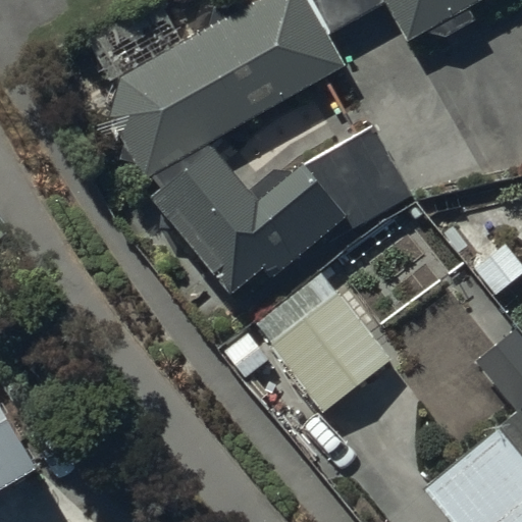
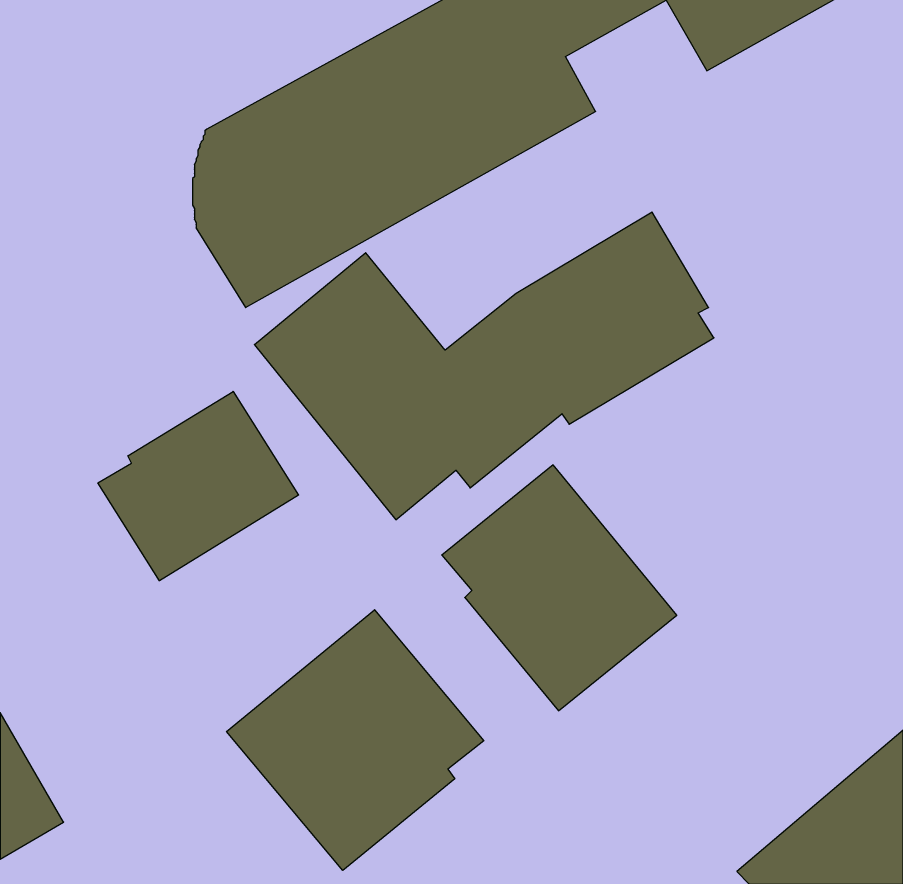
building: none -> [98,391,299,581]
building: none -> [227,610,484,870]

